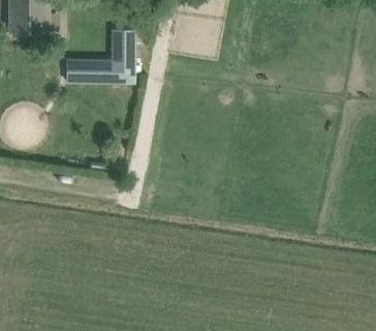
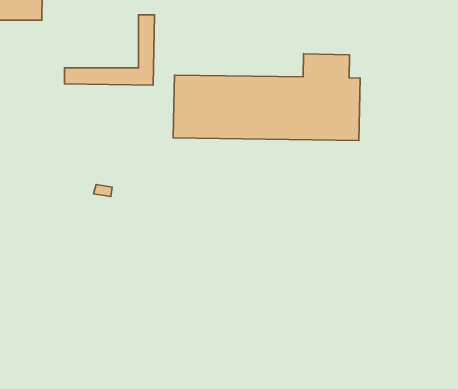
building: none -> [173,54,360,141]

